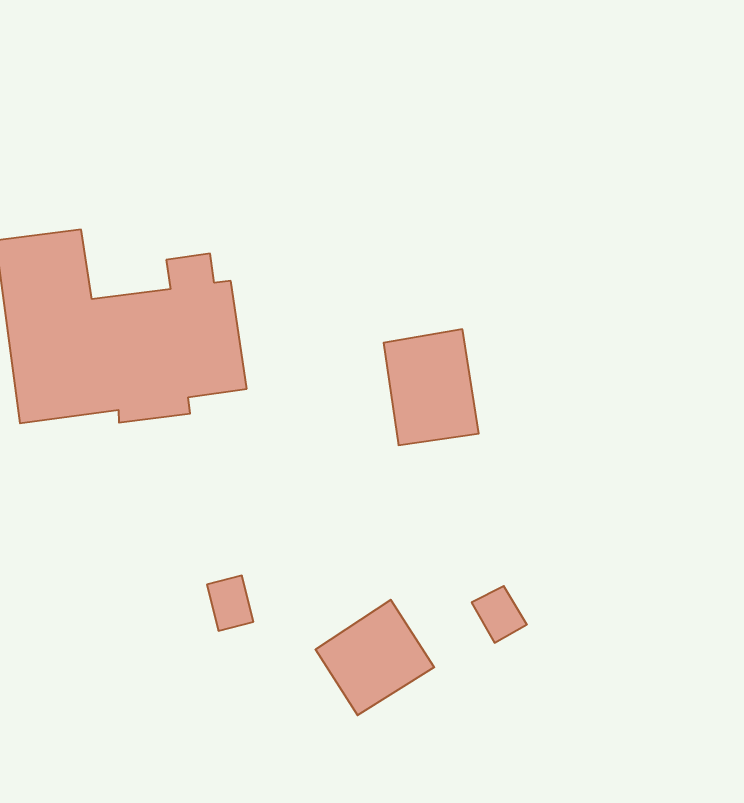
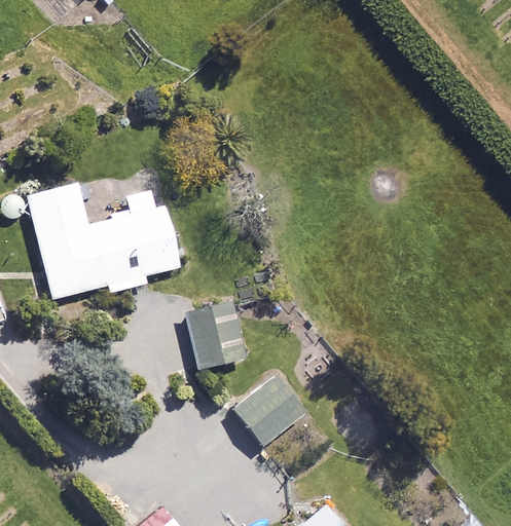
building: [384,329,479,445] -> [185,299,245,369]

